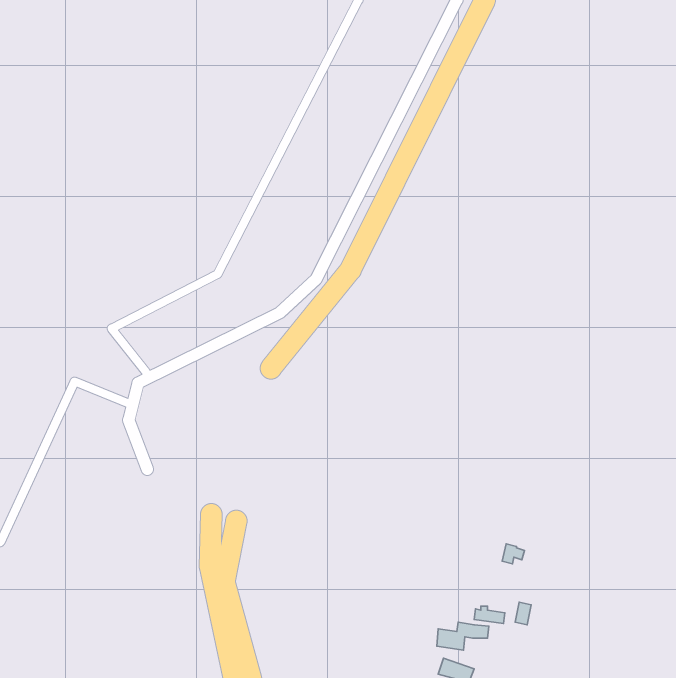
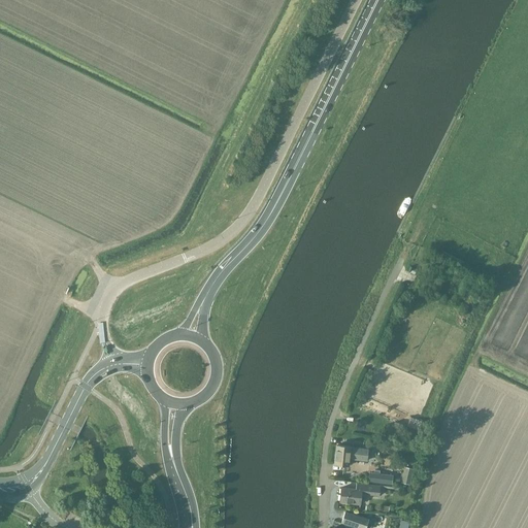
building: none -> [336,447,370,466]

